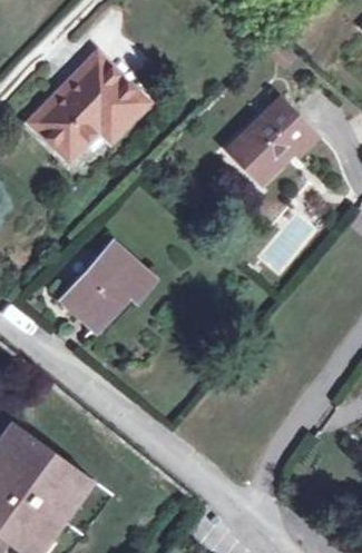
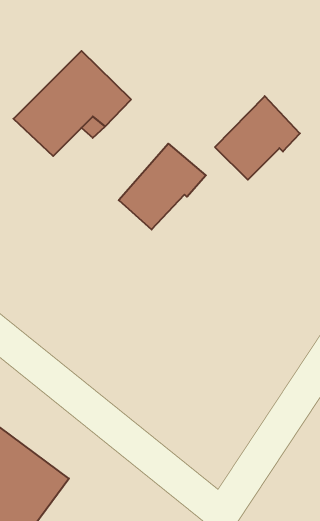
building: [61,244,147,328] -> [119,144,206,230]

